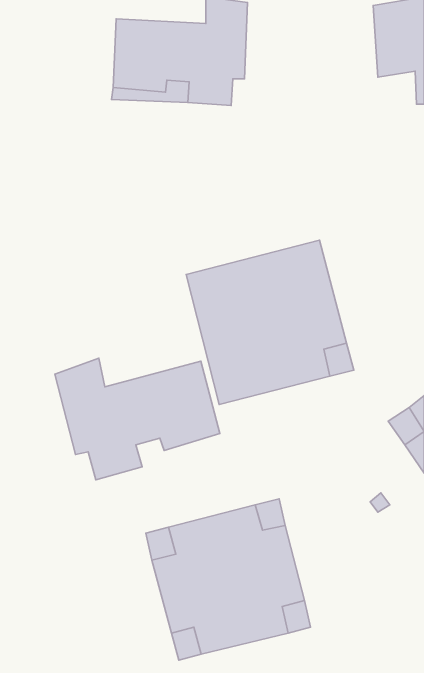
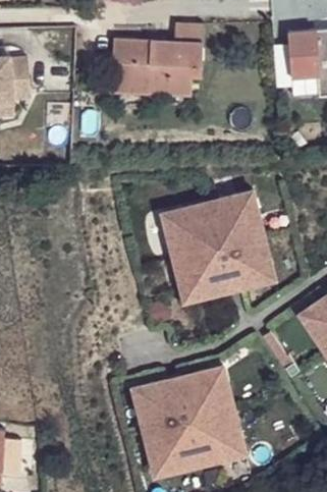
building: [55,358,220,480] -> none

